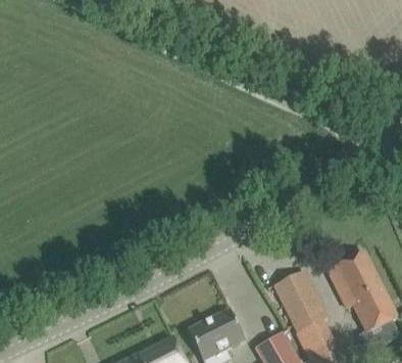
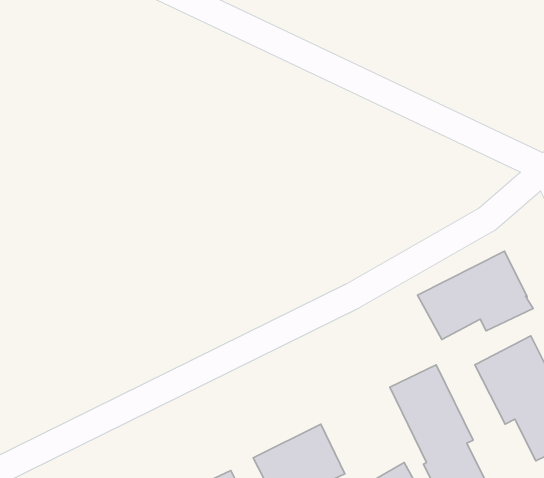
building: none -> [418,251,533,340]

